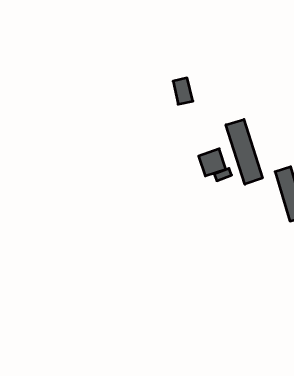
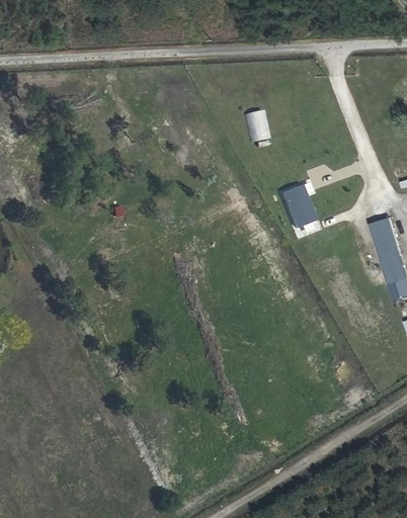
building: [226,119,262,184] -> none

